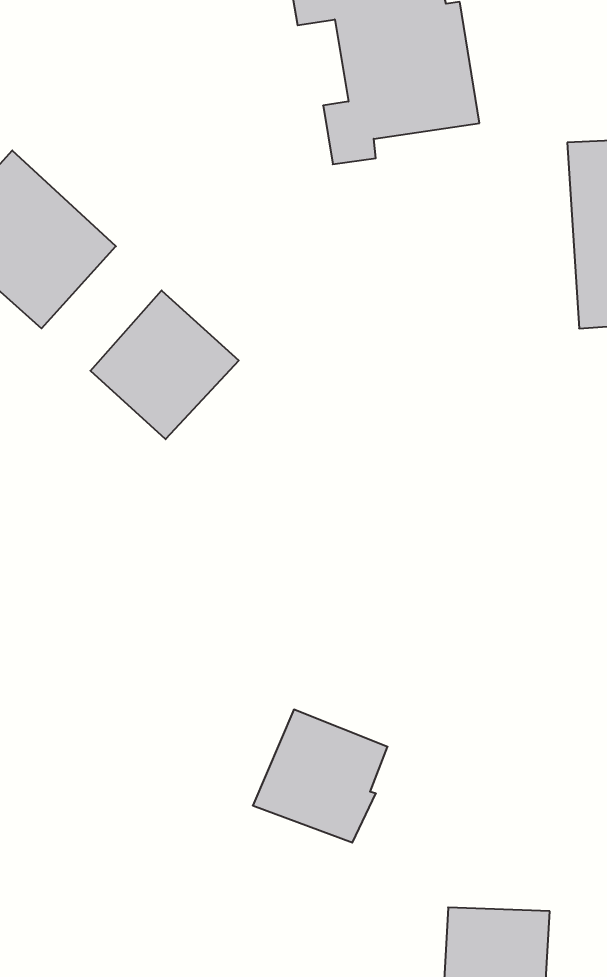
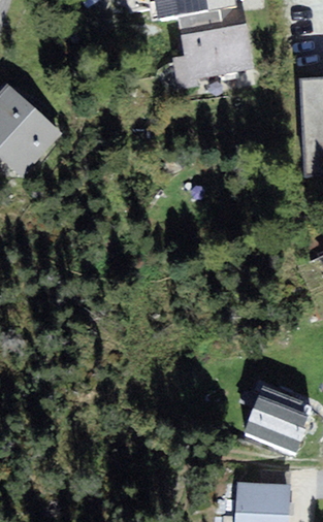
building: [90,290,239,439] -> none
building: [253,710,388,843] -> [241,385,313,455]

